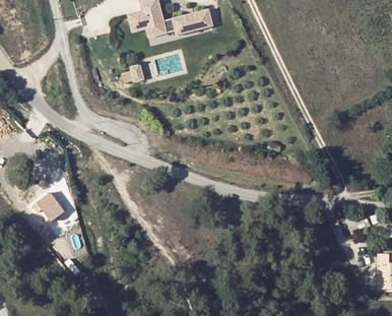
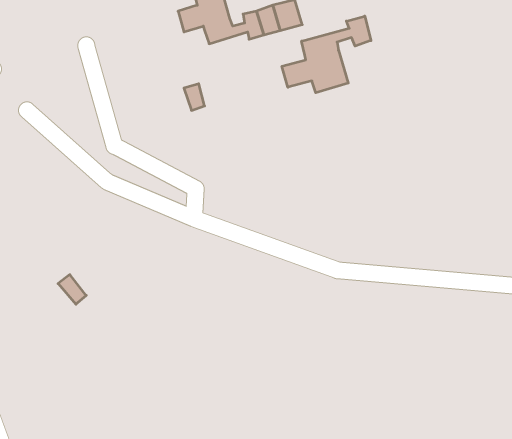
building: none -> [282,16,371,93]

